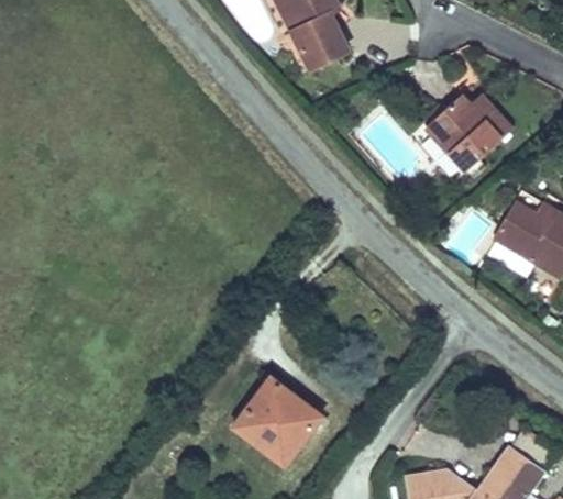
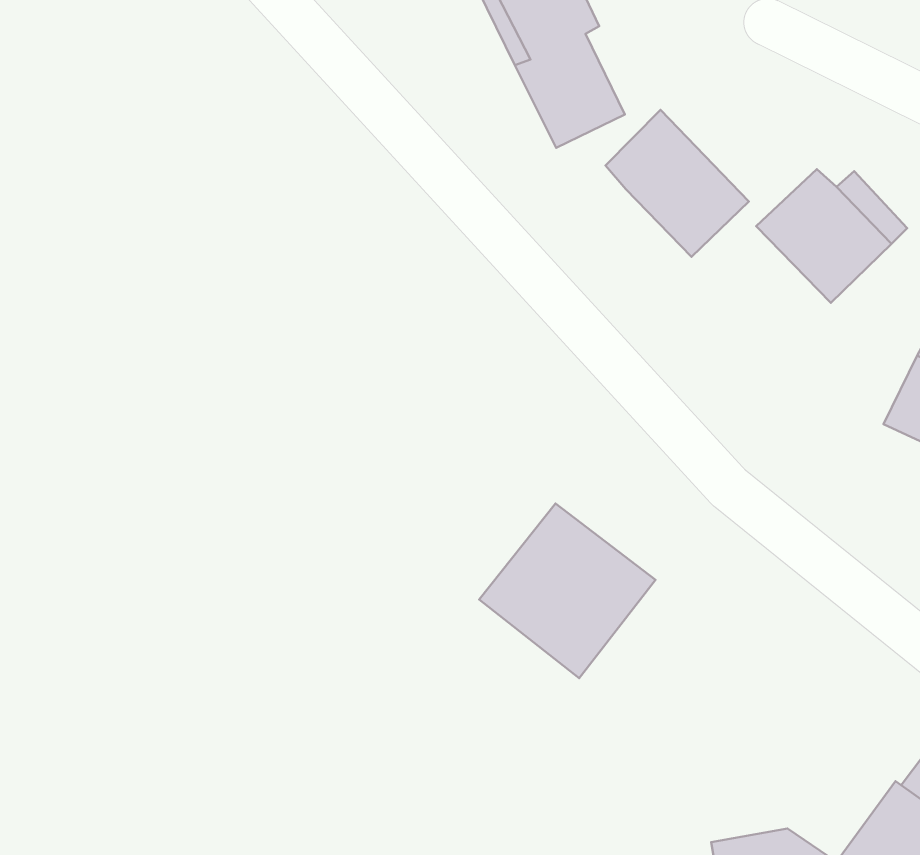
building: none -> [605,110,749,257]
building: [227,369,325,467] -> [479,503,656,678]

